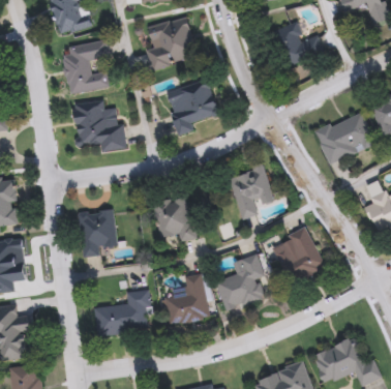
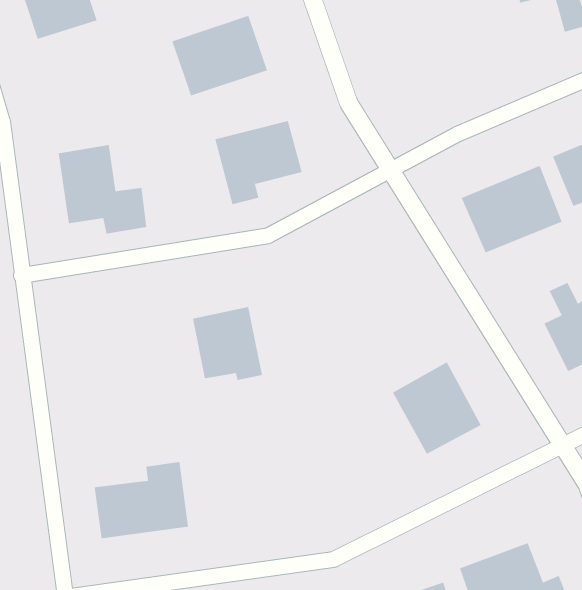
building: [272,23,324,67] -> none
building: [62,40,110,94] -> none
building: [227,166,274,219] -> none
building: [79,210,117,258] -> none
building: [215,252,276,309] -> none
building: [164,274,210,323] -> none

